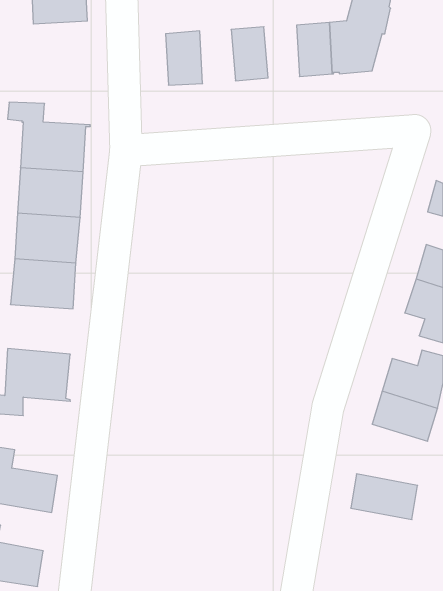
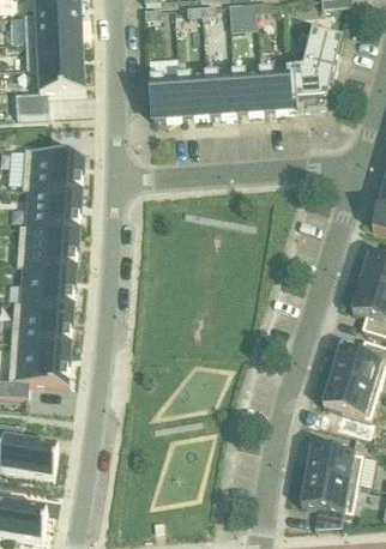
building: none -> [24,65,84,109]
building: none -> [231,68,261,113]
building: none -> [177,72,207,117]
building: none -> [16,303,71,345]
building: none -> [300,475,356,527]

